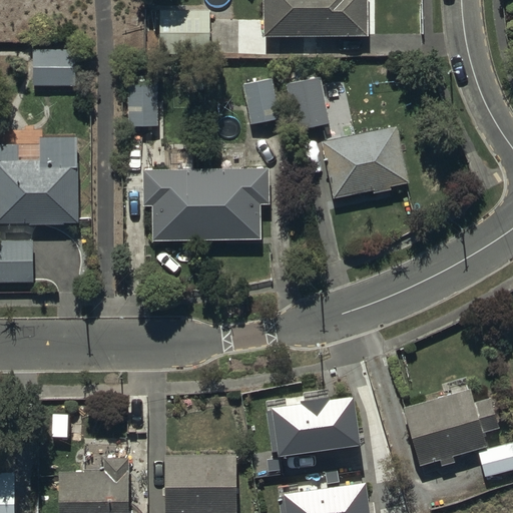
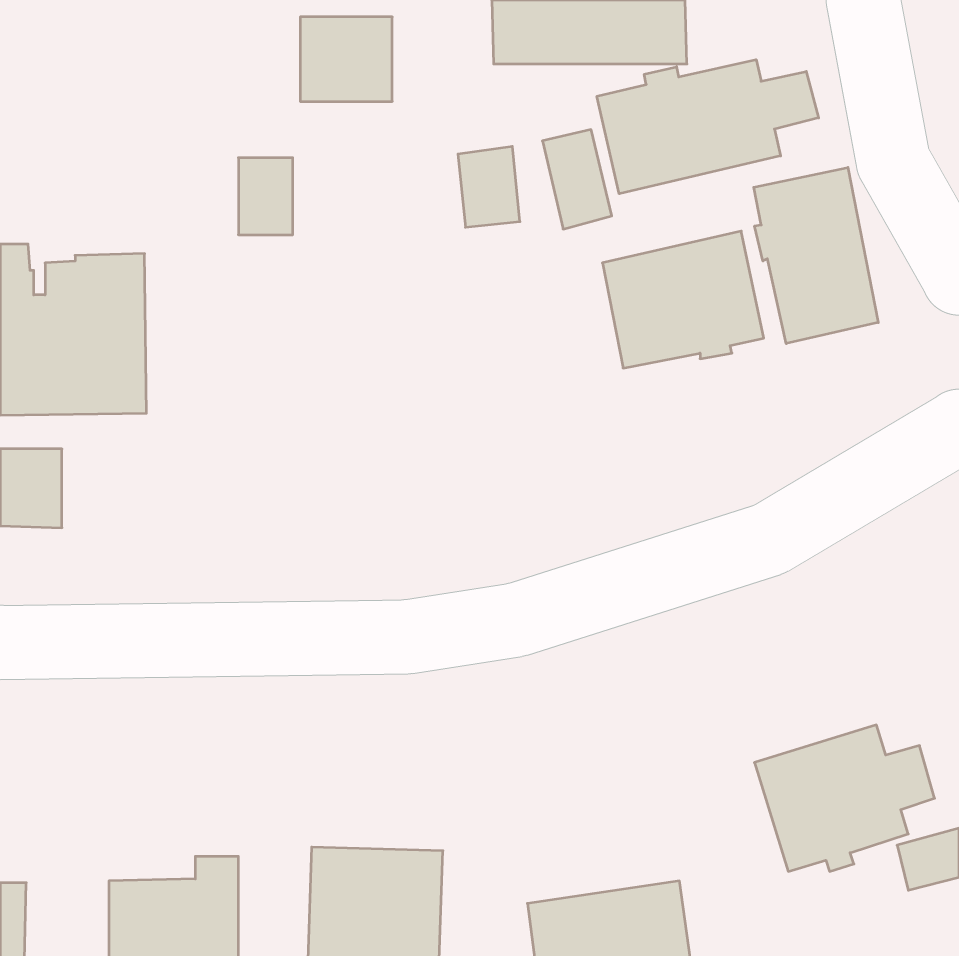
building: none -> [597,60,819,194]
building: [32,48,75,87] -> none
building: none -> [754,167,878,344]
building: [143,169,267,241] -> none
building: [269,386,360,449] -> none

